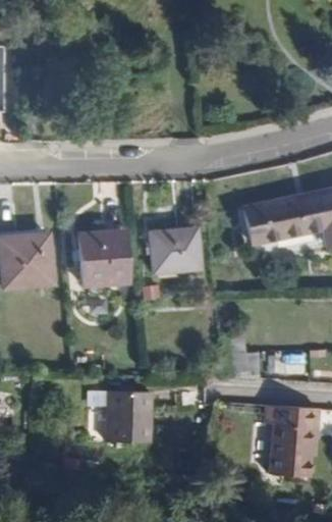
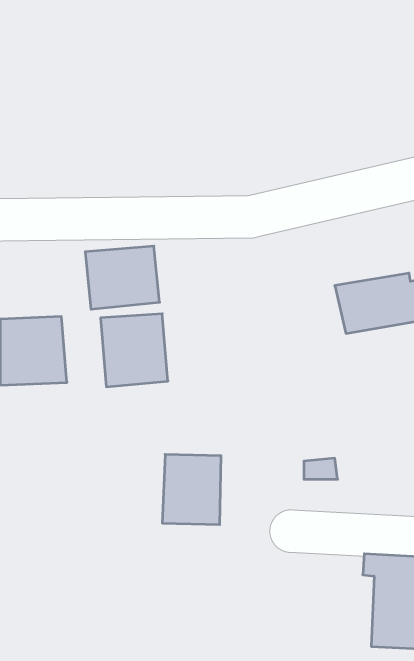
building: [146,227,200,273] -> [85,246,160,309]
building: [106,392,149,442] -> [162,454,221,525]

